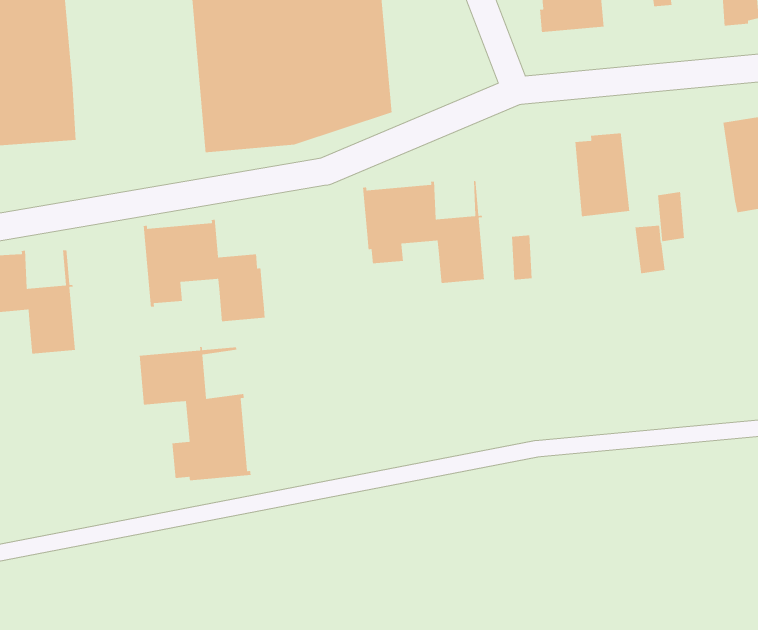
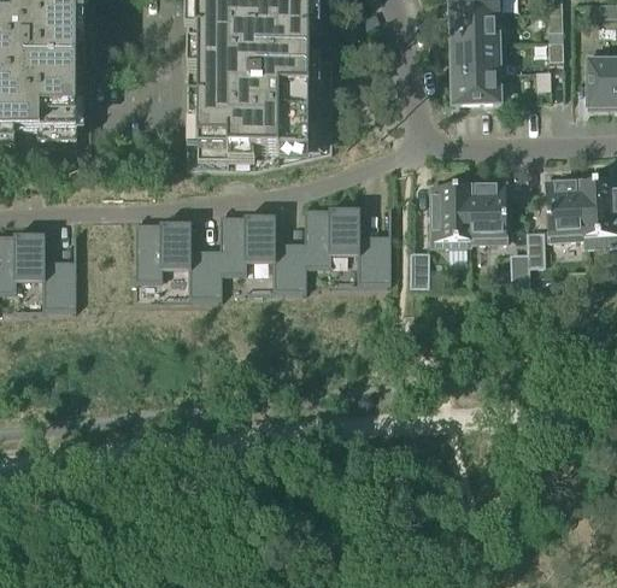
building: none -> [545,178,584,243]
building: none -> [430,186,468,247]
building: none -> [219,213,306,292]
building: [139,346,251,481] -> none

